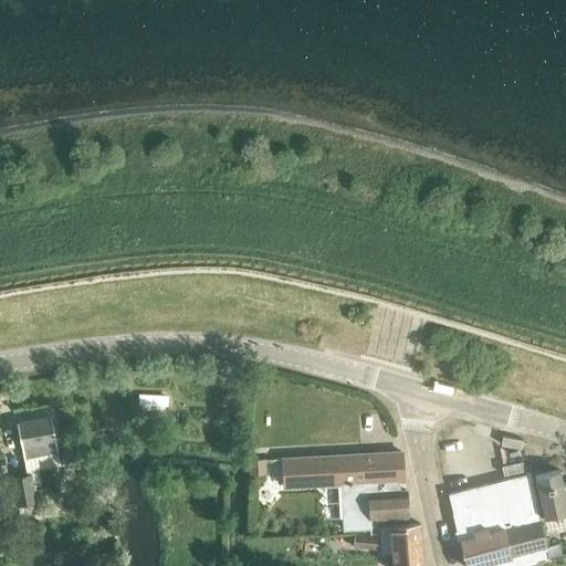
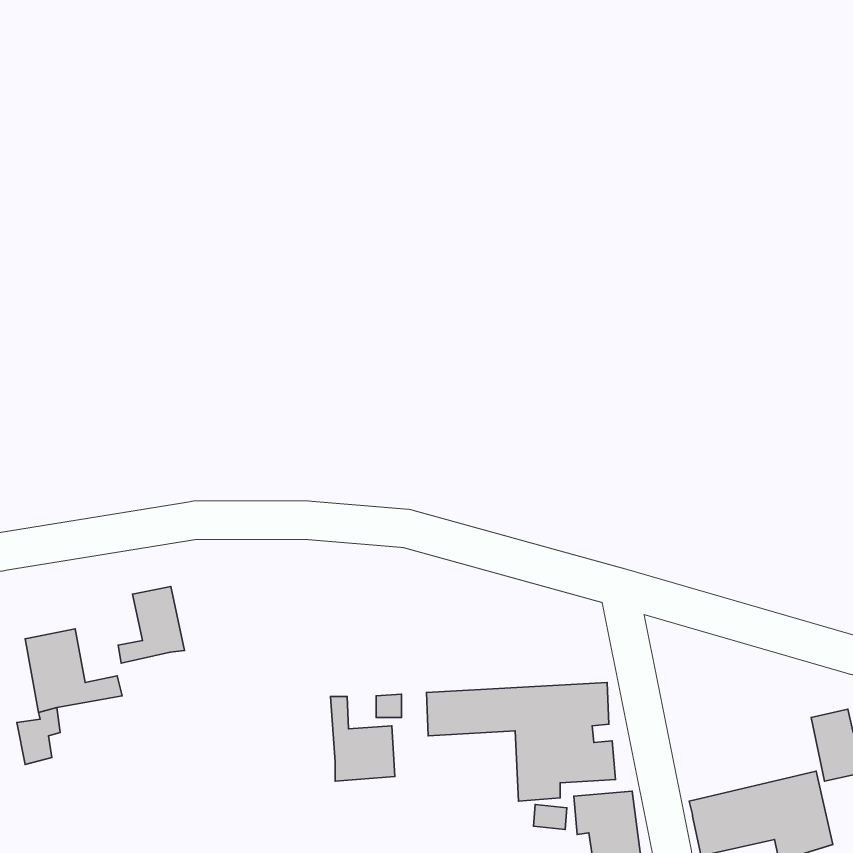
building: none -> [118,586,185,663]
building: none -> [330,696,395,781]
building: [449,474,541,531] -> none

